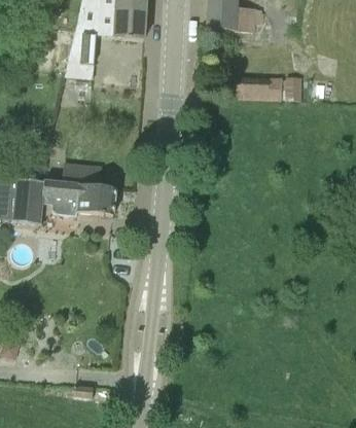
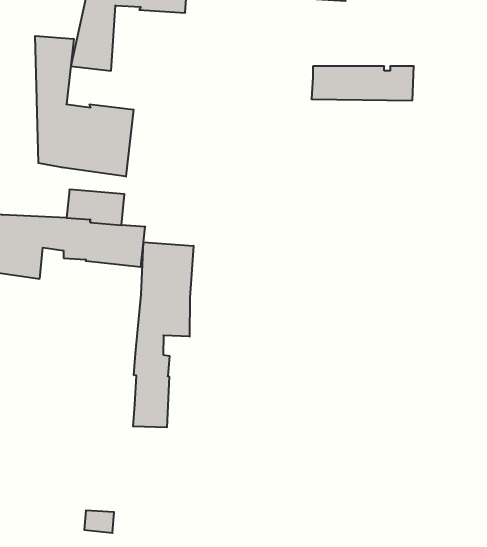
building: none -> [35,36,134,177]
building: none -> [133,242,193,427]

